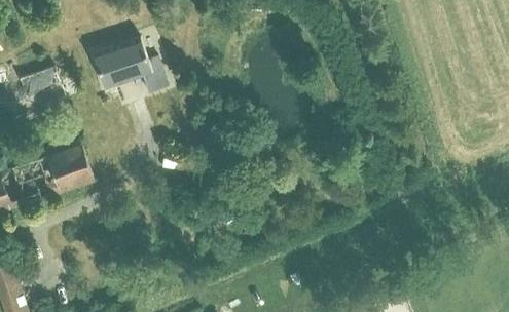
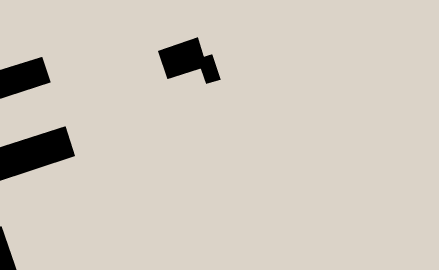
building: [93,37,167,92] -> [157,36,222,85]

